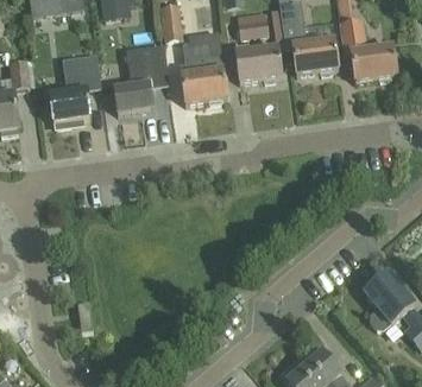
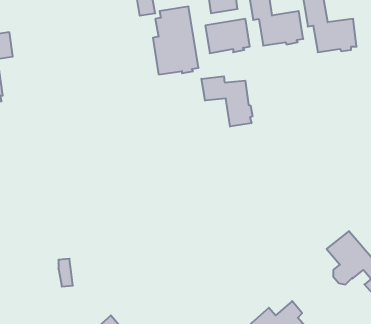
building: [113,45,166,112] -> none
building: [49,52,101,127] -> none
building: none -> [201,76,252,127]

